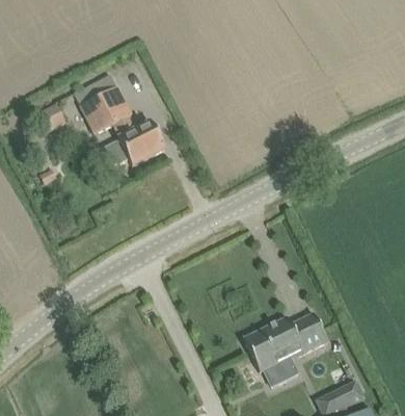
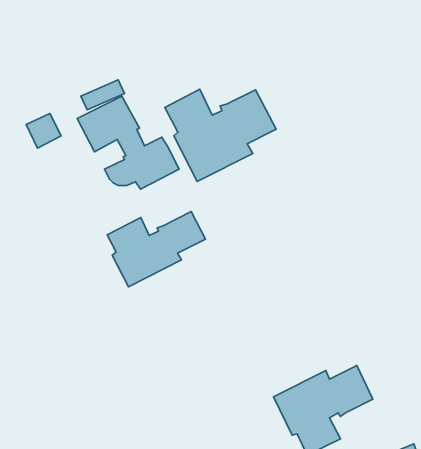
building: none -> [165,89,276,181]
building: none -> [107,212,205,287]

